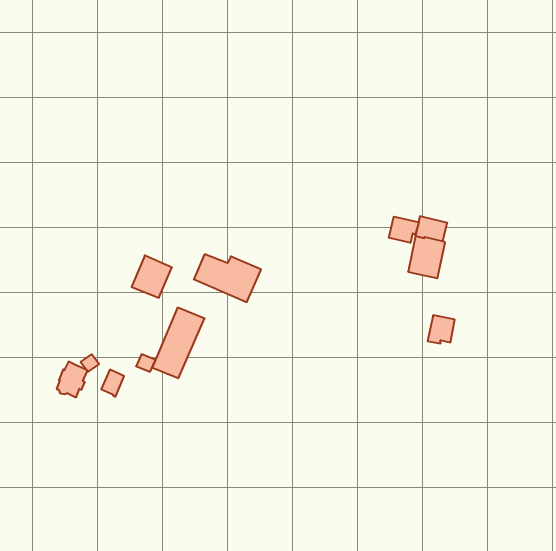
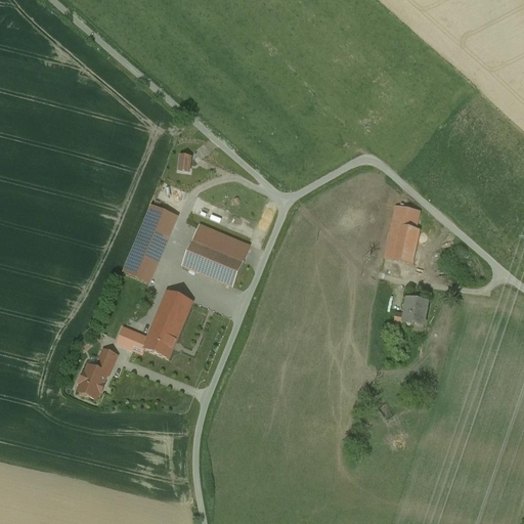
building: none -> [136,204,177,252]
building: [389,217,419,243] -> none
building: none -> [192,223,250,254]
building: [57,362,87,397] -> [78,363,106,397]

